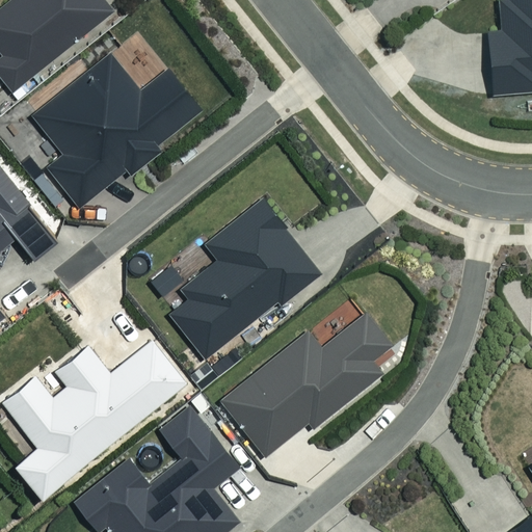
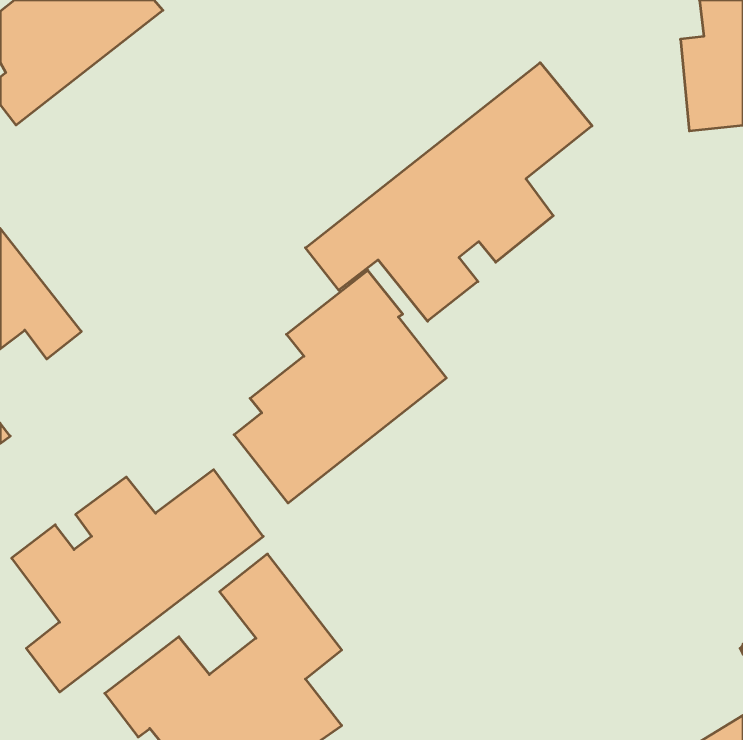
building: none -> [305,63,592,321]
building: [29,49,203,207] -> none
building: [219,312,392,457] -> none

